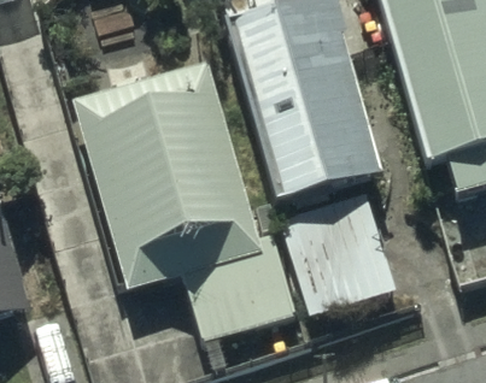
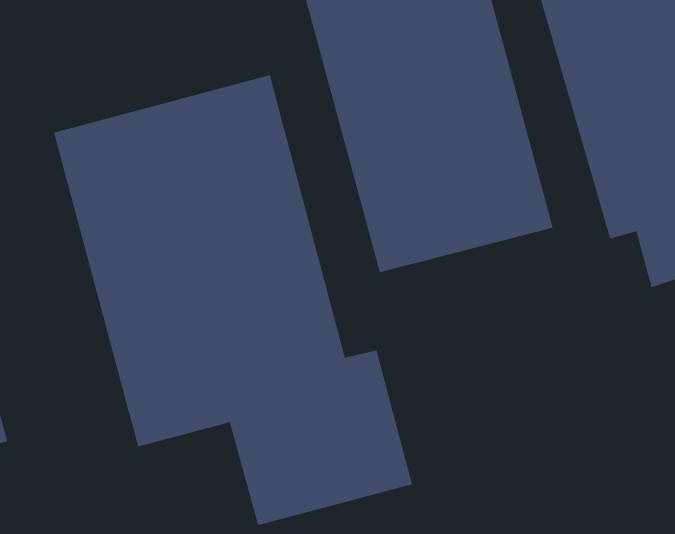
building: [277,195,394,317] -> none

